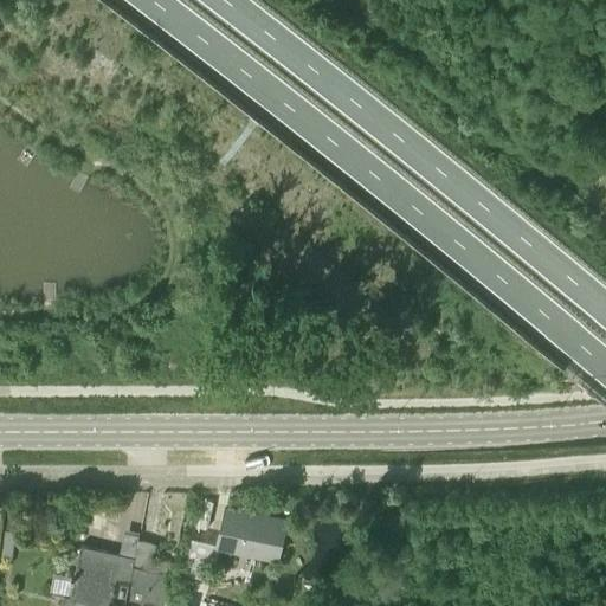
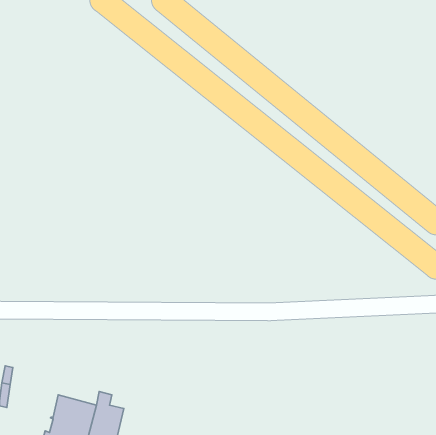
building: [213,507,288,565] -> none

